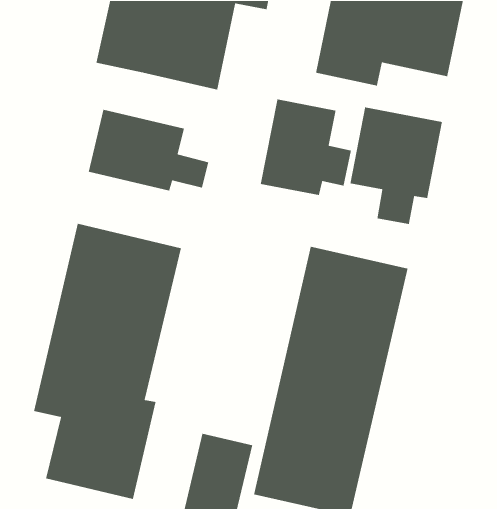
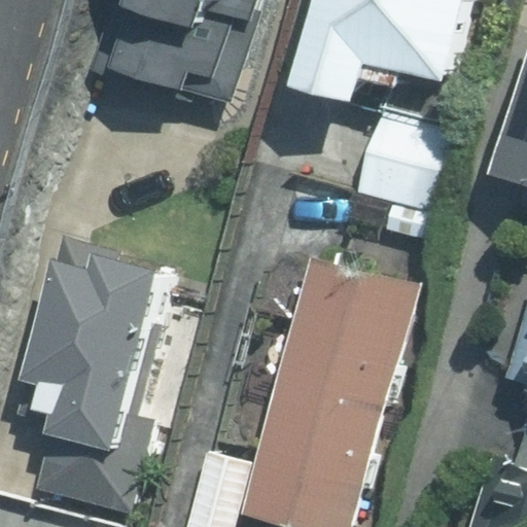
building: [260,98,352,196] -> none
building: [88,109,209,191] -> none

